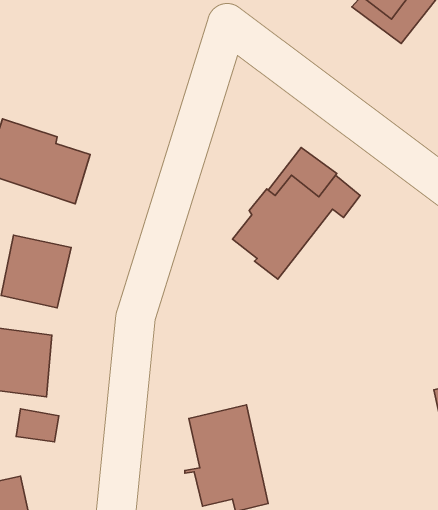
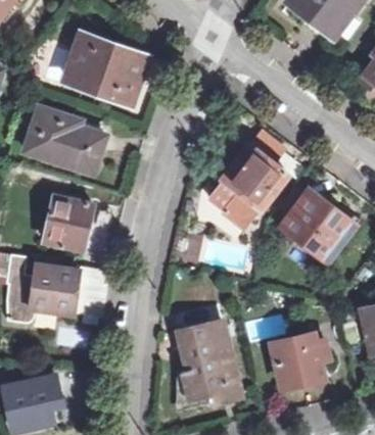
building: none -> [66,36,142,95]
building: none -> [279,189,353,259]
building: none -> [270,335,325,385]

